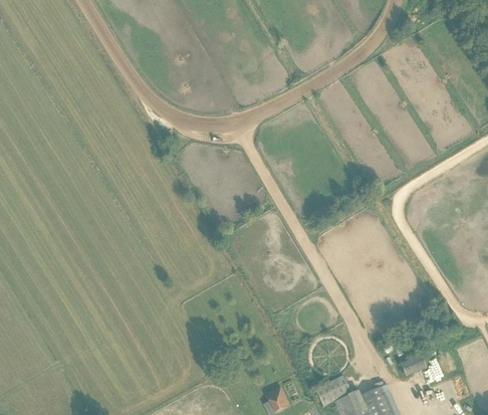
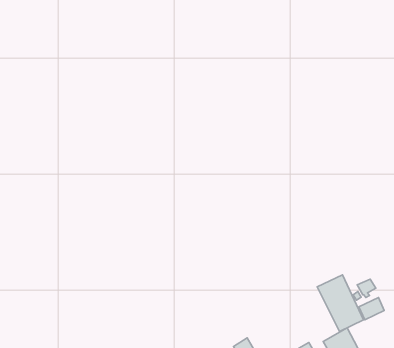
building: none -> [317,275,363,332]

